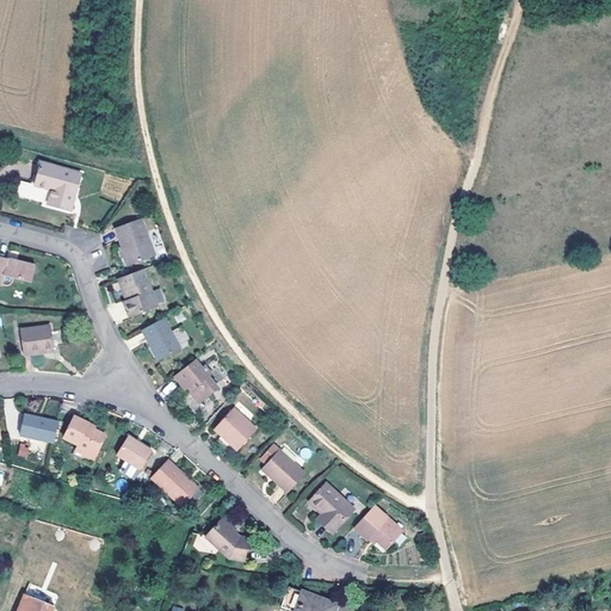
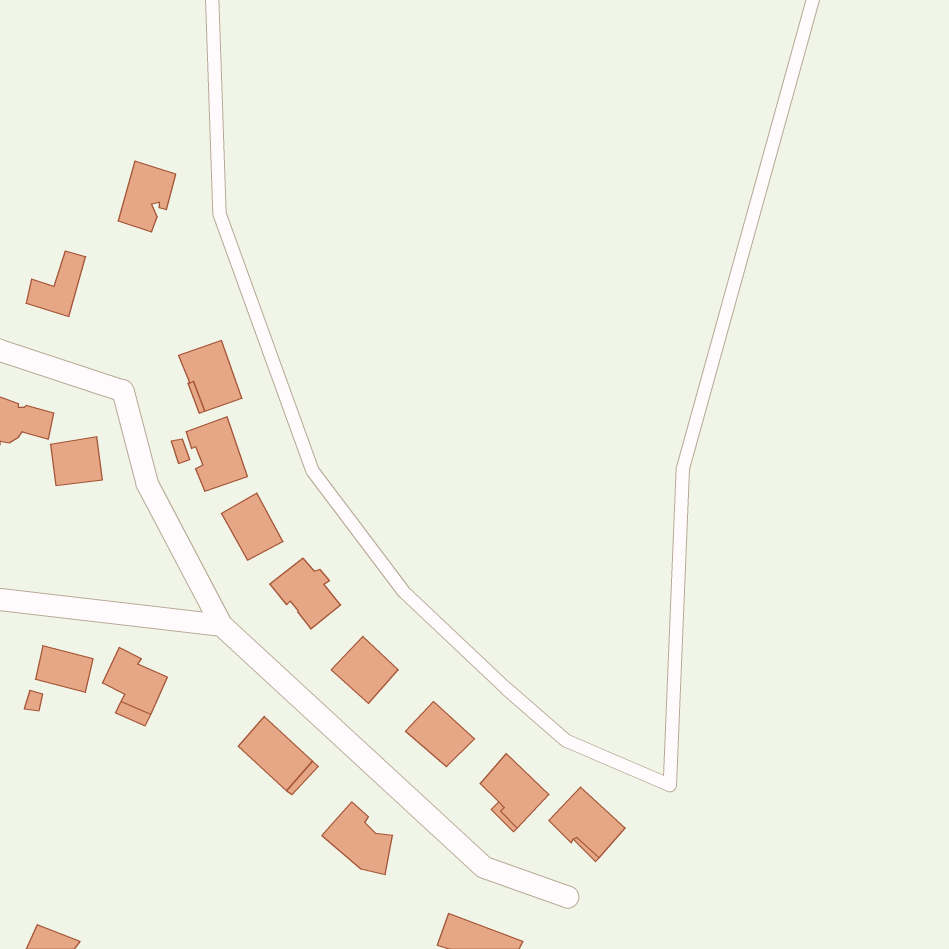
building: [44,165,81,210] -> [118,161,176,232]
building: [19,323,53,354] -> [50,437,102,485]
building: [118,434,154,469] -> none

